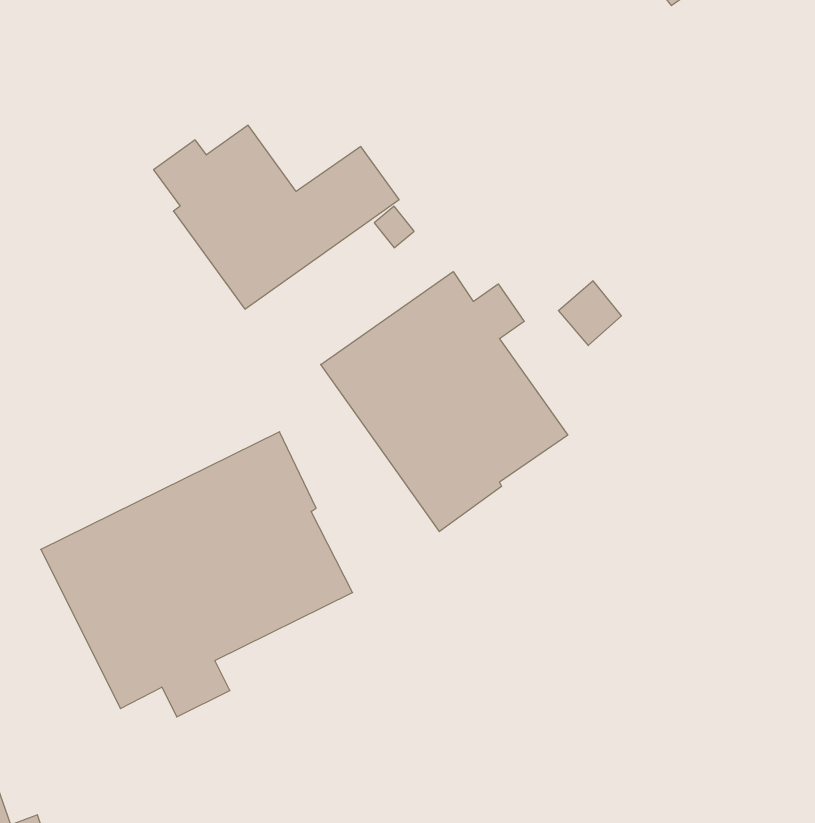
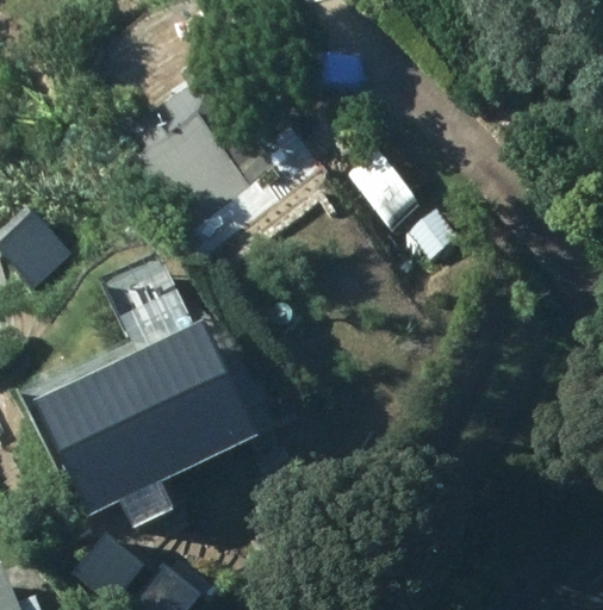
building: [321,272,568,532] -> none

